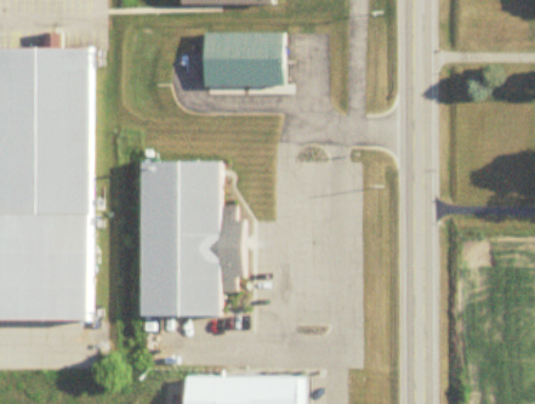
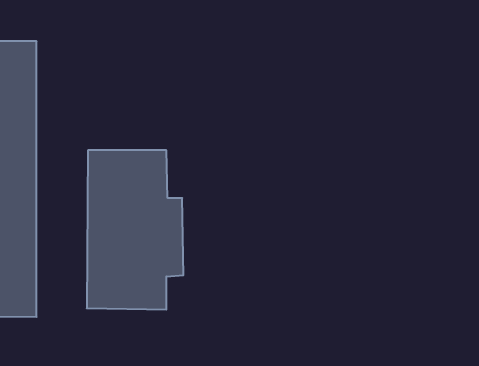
building: [199,28,279,84] -> none

